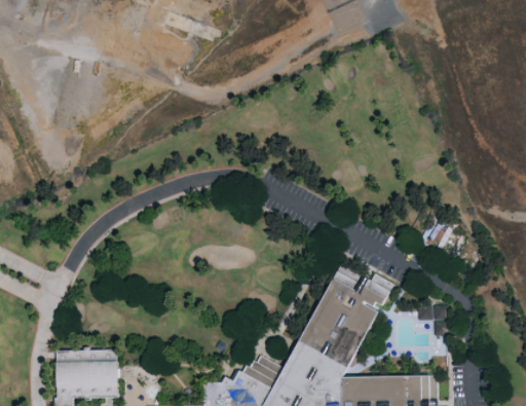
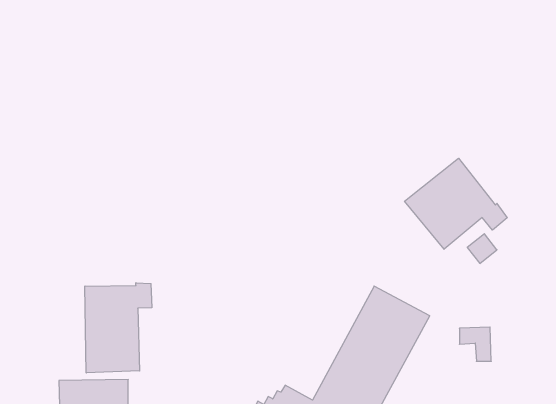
building: none -> [405,158,507,249]
building: none -> [85,283,152,373]

